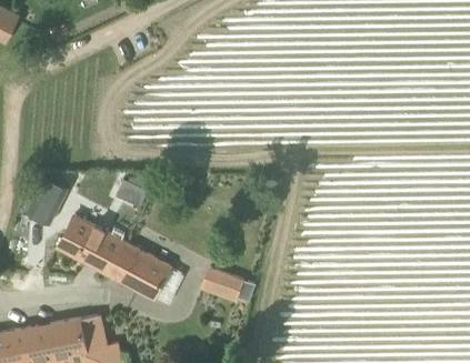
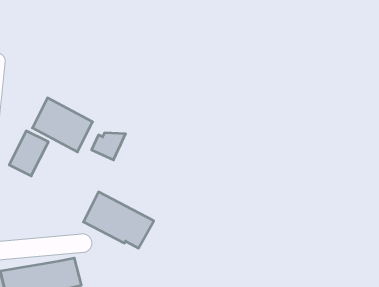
building: [57,215,123,275] -> [32,98,93,152]
building: [201,266,256,302] -> none

